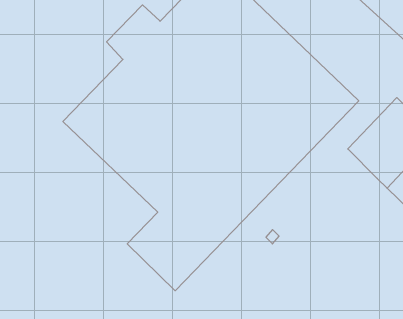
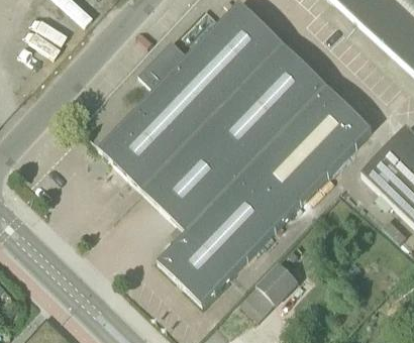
building: none -> [246,262,299,315]

